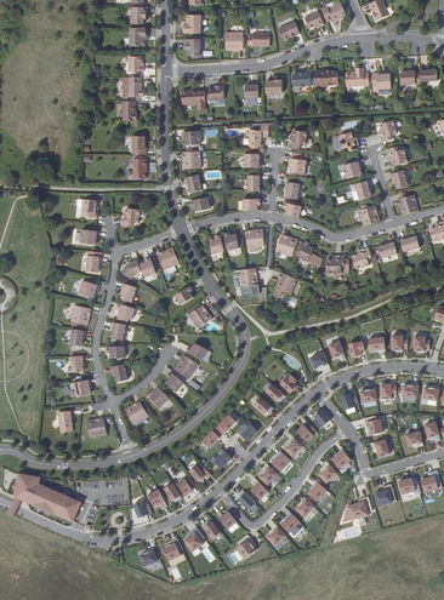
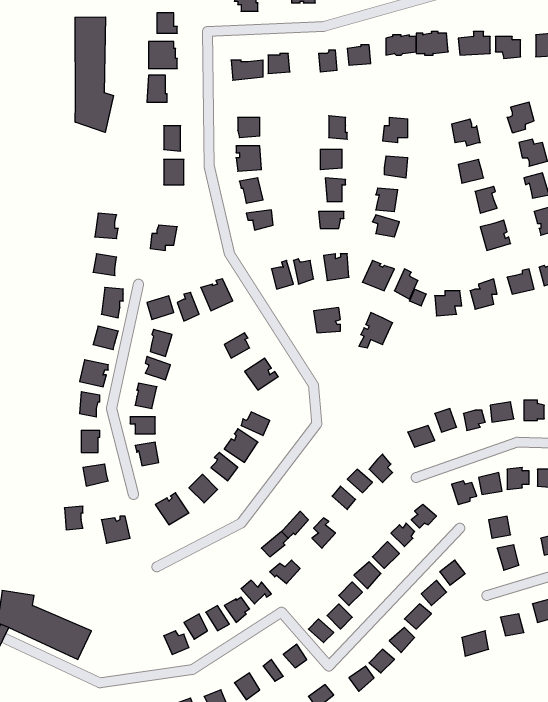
building: none -> [75,17,114,132]

